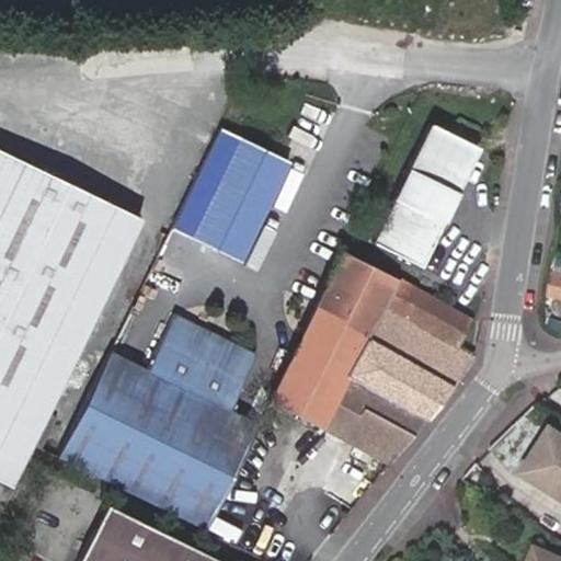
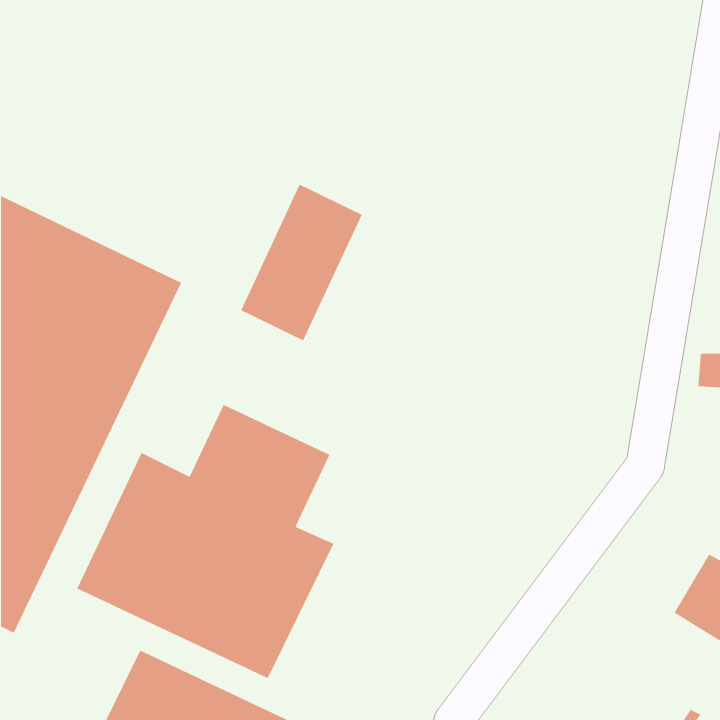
building: [373,123,479,266] -> none
building: [272,253,472,471] -> none

